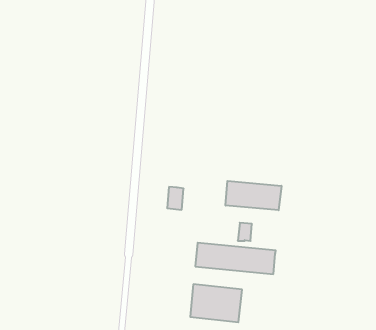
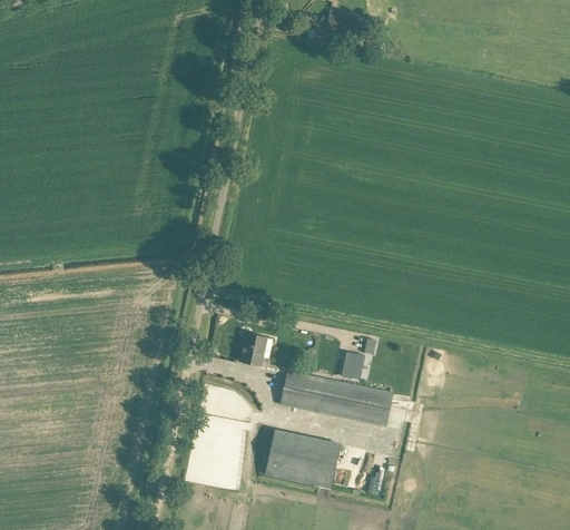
building: [226,181,281,210] -> none
building: [167,187,184,210] -> [240,332,266,365]

